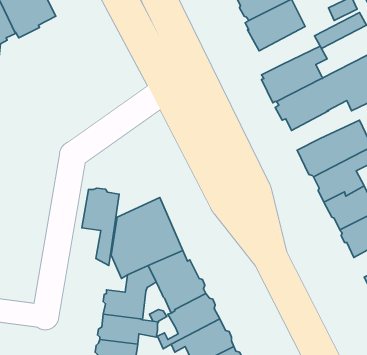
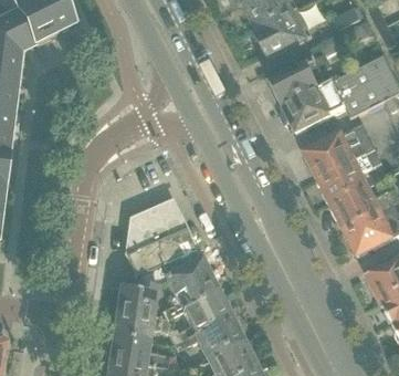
building: [82,188,119,266] -> none

